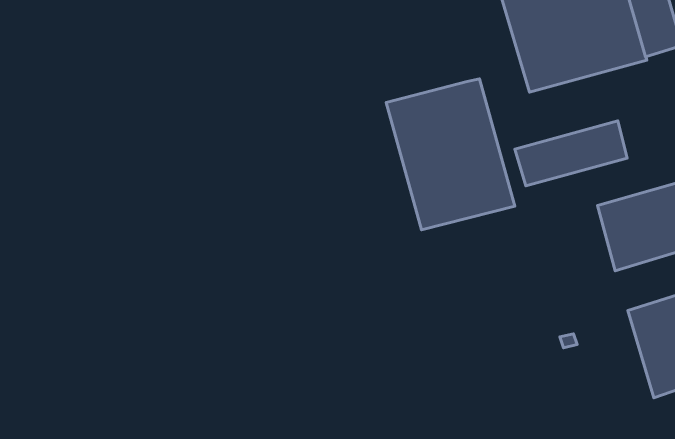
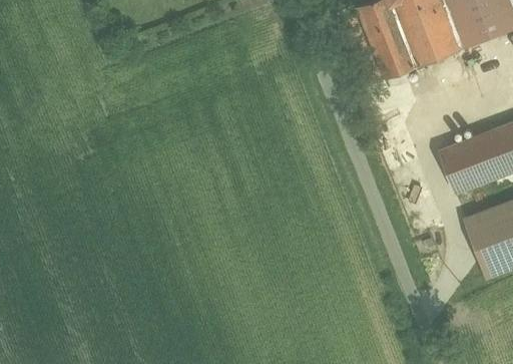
building: [386,79,515,230] -> none
building: [515,121,627,186] -> none

